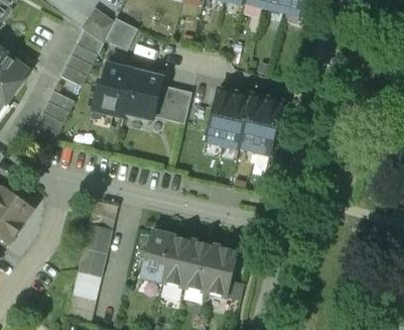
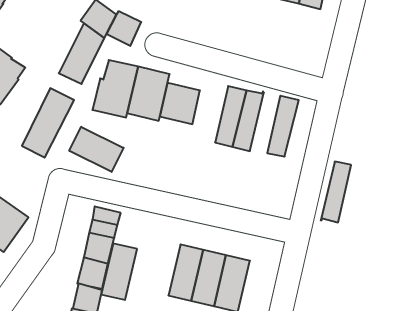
building: [238,94,266,150] -> [321,162,351,222]
building: none -> [69,127,124,172]
building: [140,230,173,283] -> [101,244,137,300]

